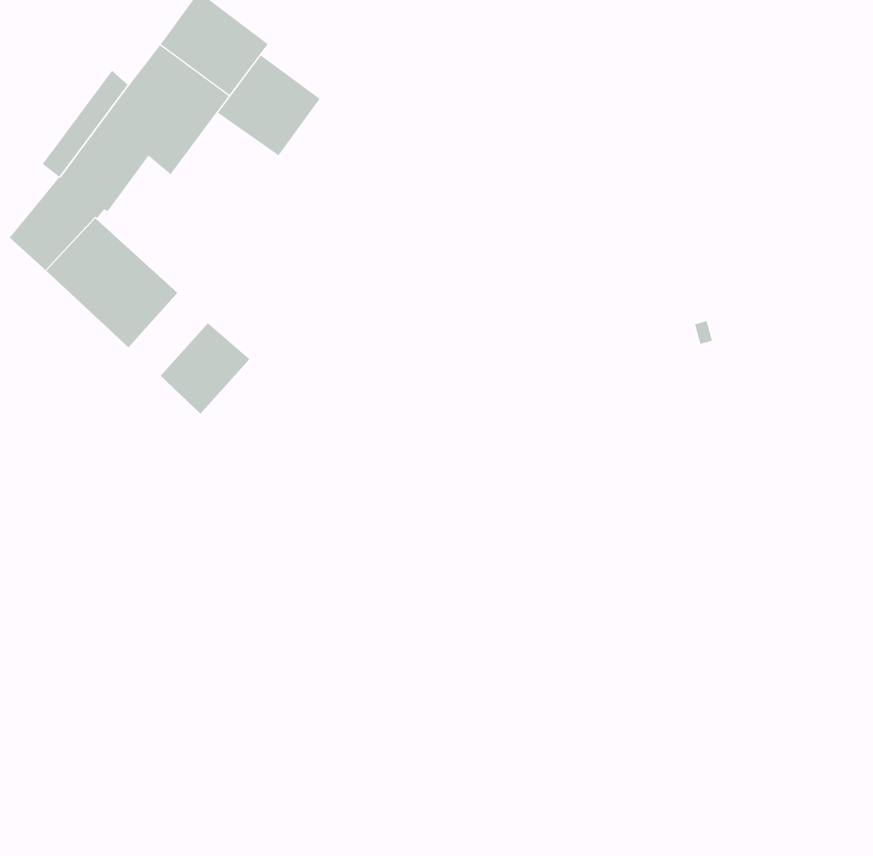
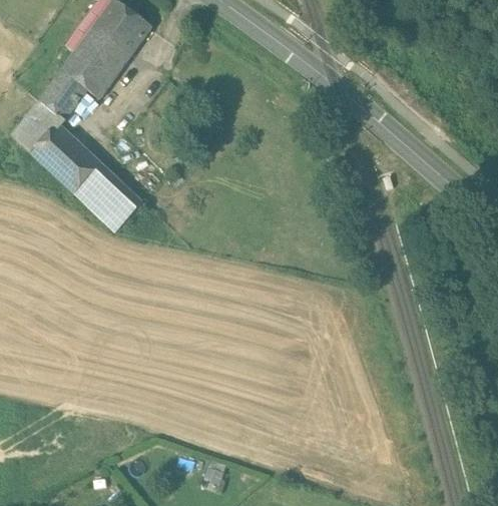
building: [217,55,320,156] -> none
building: none -> [76,164,119,209]

